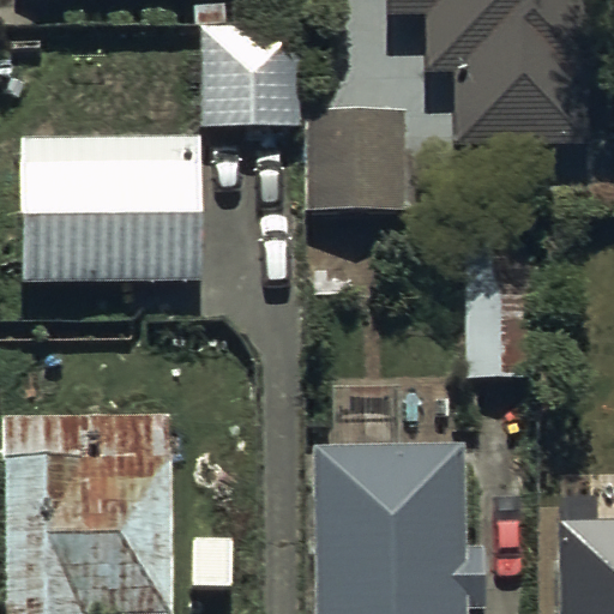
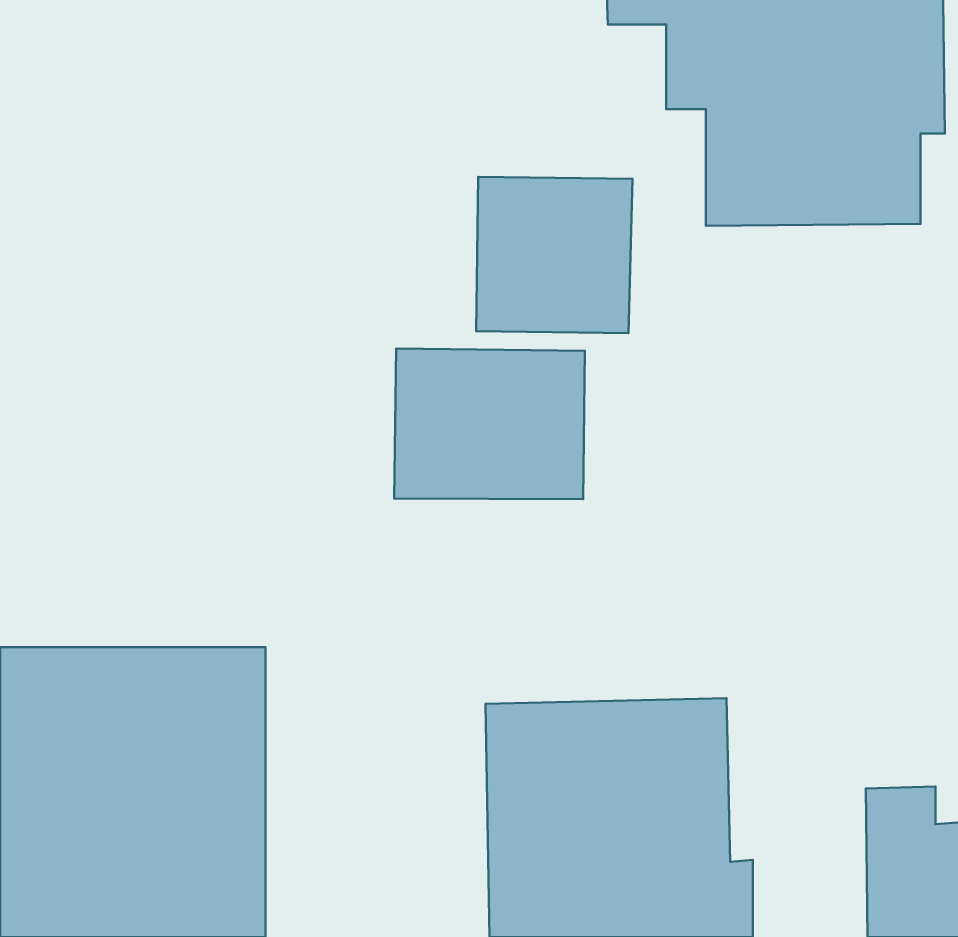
building: [200,24,300,121] -> none
building: [18,137,207,318] -> none
building: none -> [394,348,585,499]

